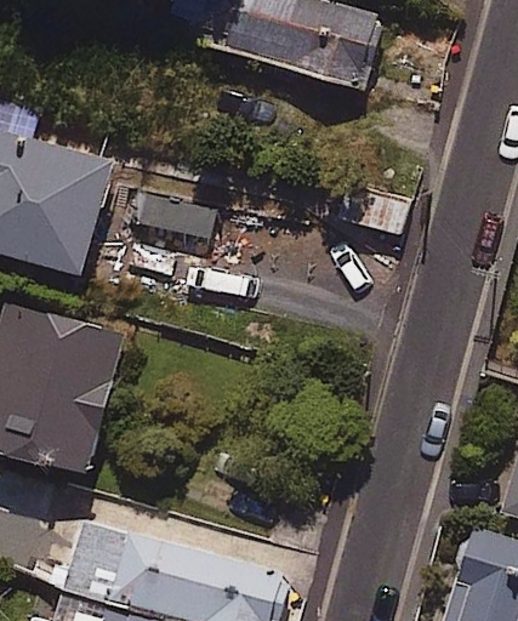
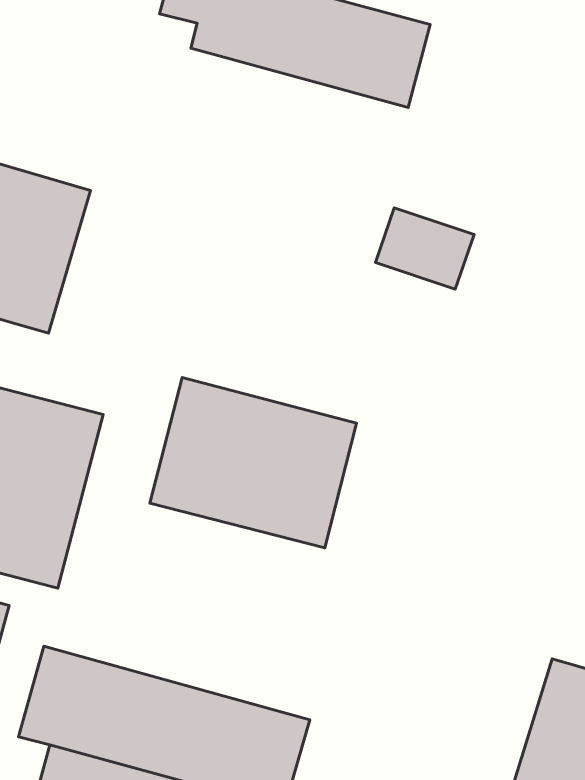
building: none -> [150,377,357,548]

